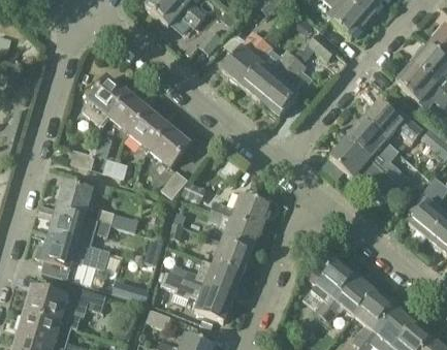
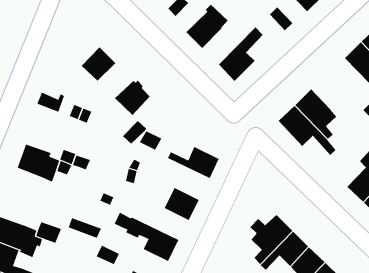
building: [241,47,296,101] -> none
building: [82,75,129,124] -> none
building: [362,100,418,142] -> none
building: [130,109,169,148] -> none
building: [58,181,97,213] -> none
building: [209,208,261,250] -> none
building: [40,232,109,279] -> none
building: [180,259,243,295] -> none

